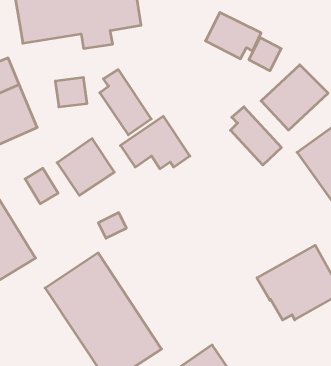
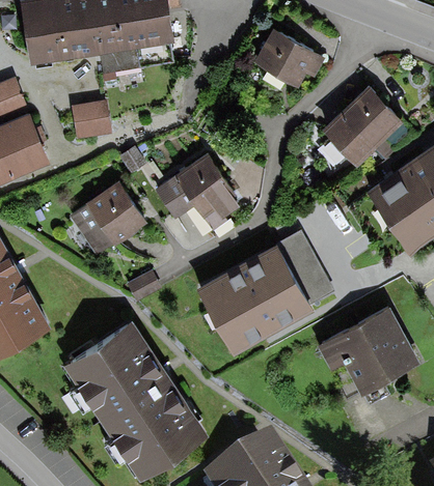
building: [249,38,281,71] -> none
building: [100,70,151,135] -> none
building: [230,107,281,165] -> none
building: [25,168,58,204] -> none
building: none -> [197,235,333,356]

